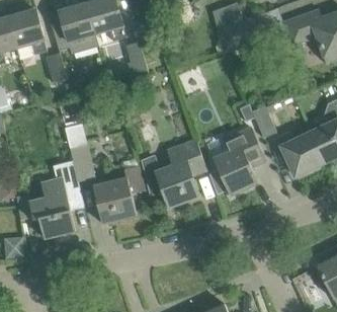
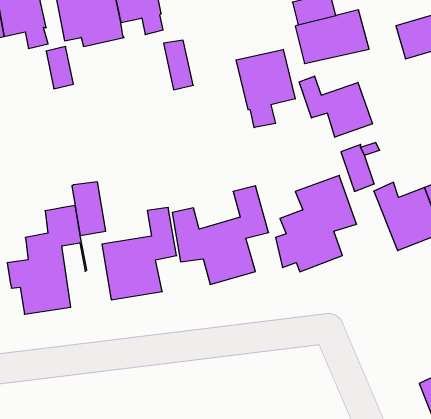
building: none -> [236,49,295,128]
building: none -> [299,76,372,137]

